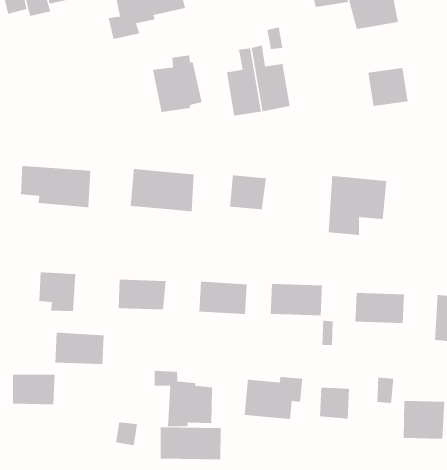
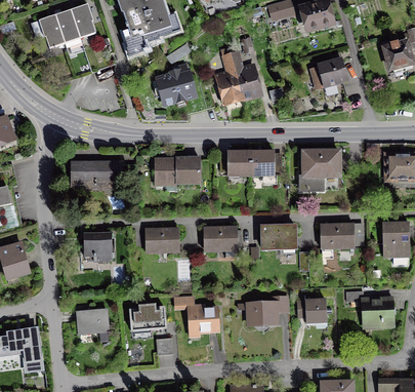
building: none -> [248,150,273,173]
building: [54,332,105,364] -> [128,306,165,329]
building: [160,426,221,460] -> none

